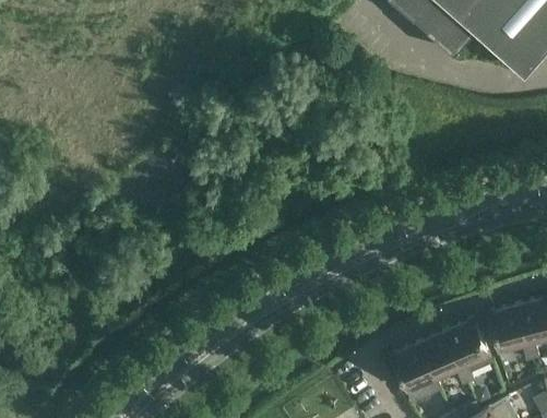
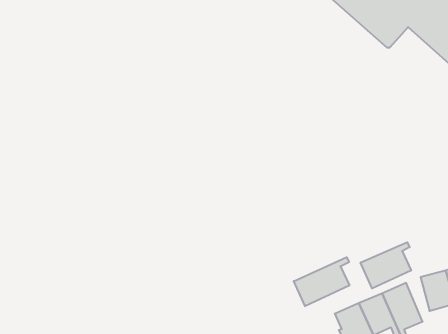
building: none -> [361,242,411,288]
building: none -> [294,257,349,306]

